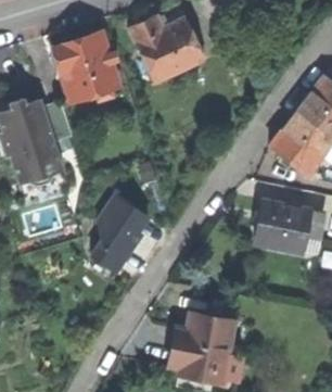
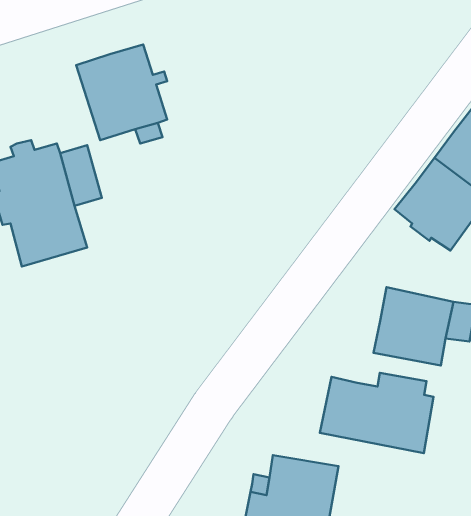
building: [128,15,203,83] -> none
building: [91,193,149,271] -> none
building: none -> [320,373,434,453]

